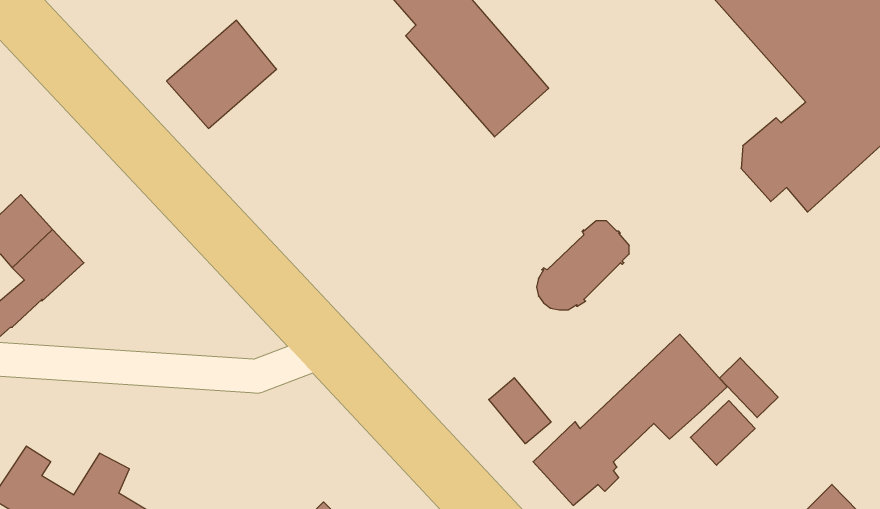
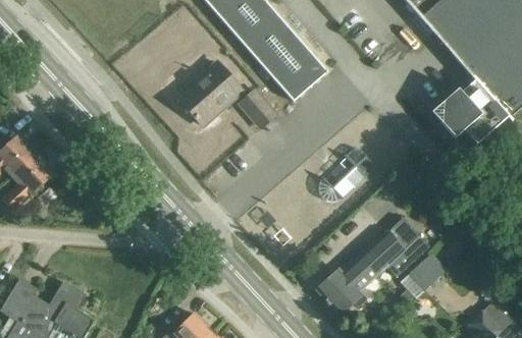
building: [167,20,277,128] -> [177,61,242,124]
building: none -> [240,90,275,127]
building: [719,358,778,418] -> none
building: [489,378,551,444] -> none

